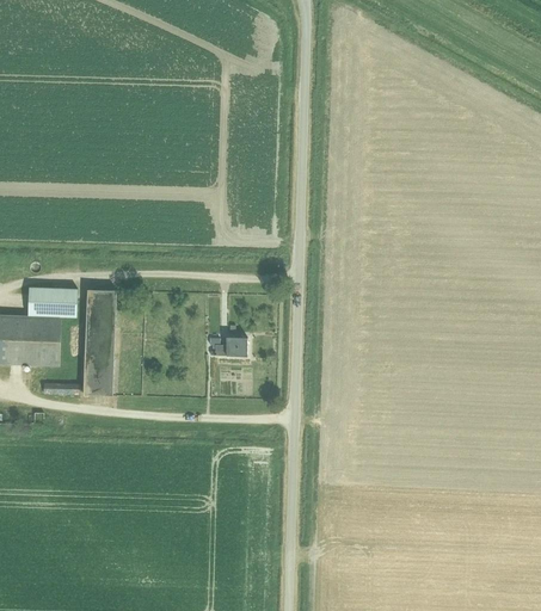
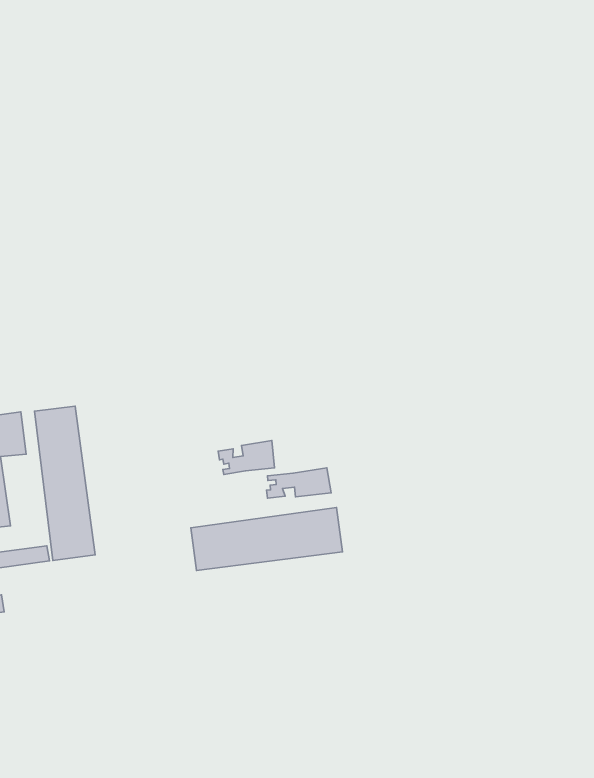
building: none -> [267,468,331,498]
building: none -> [191,508,342,571]

